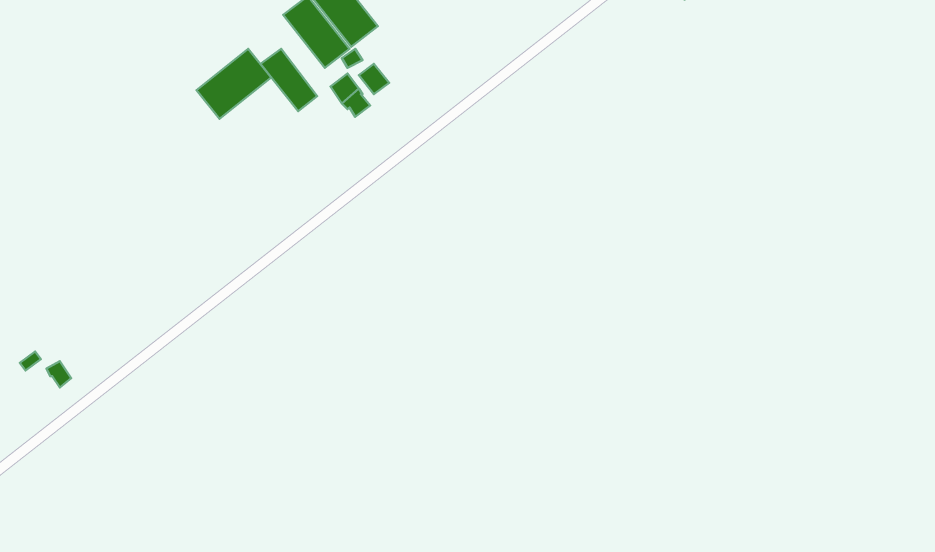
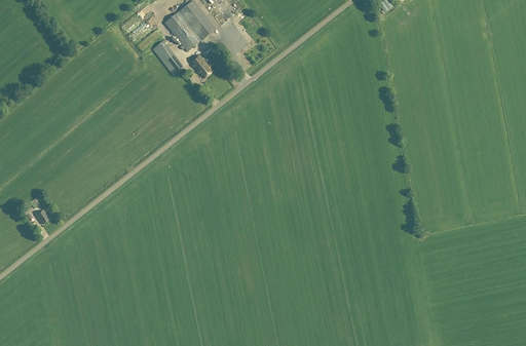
building: [197,49,271,119] -> none

